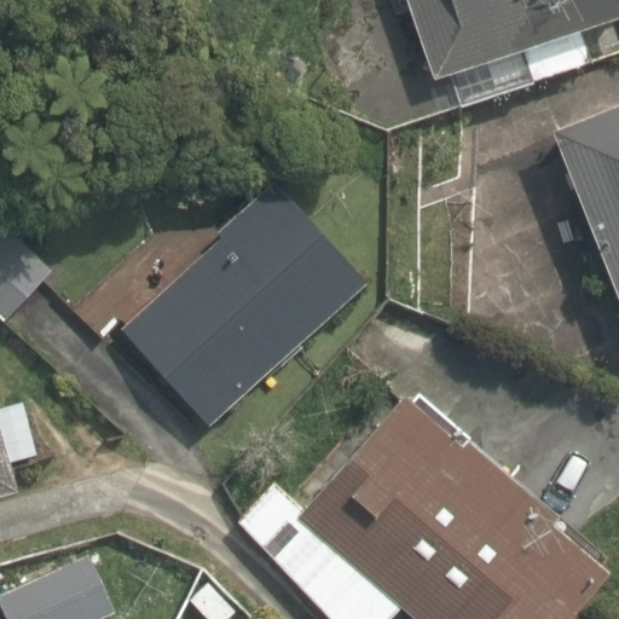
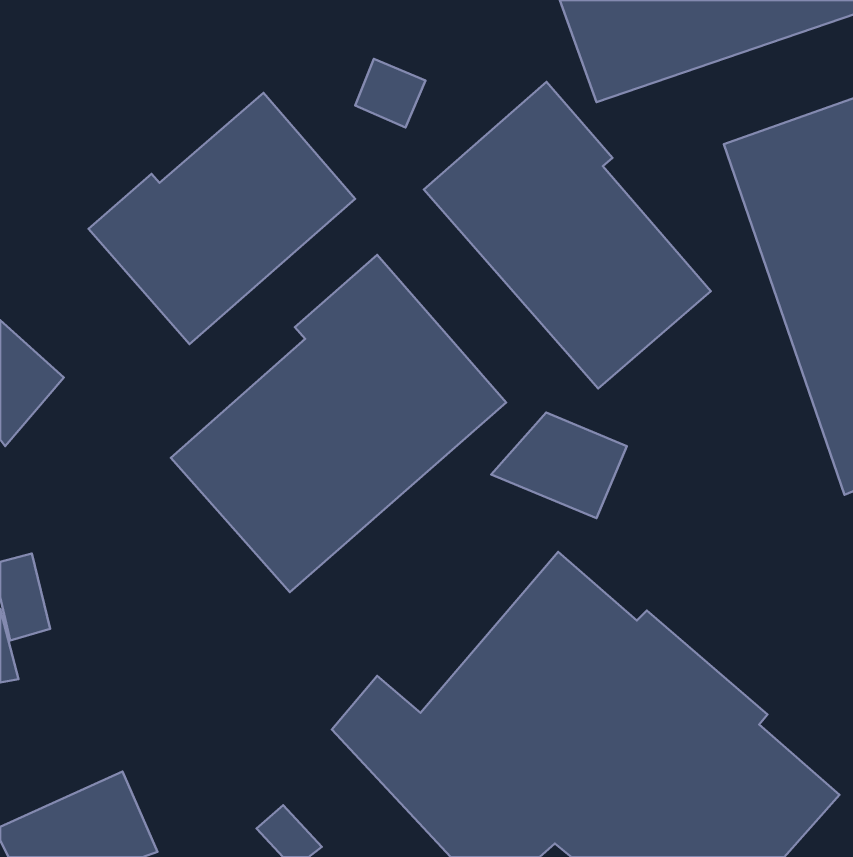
building: none -> [424,82,711,389]
building: none -> [88,93,355,344]

